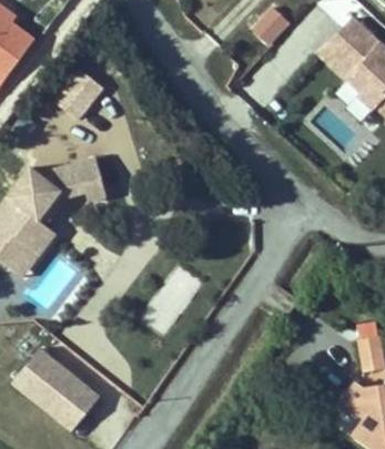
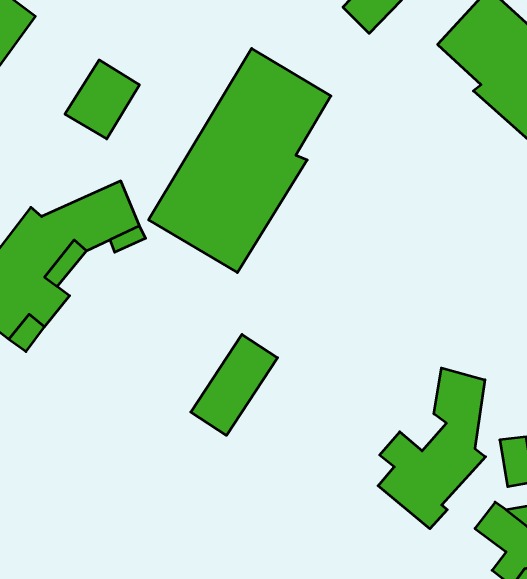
building: none -> [149,48,331,273]
building: none -> [378,368,486,529]
building: [20,348,107,429] -> none

